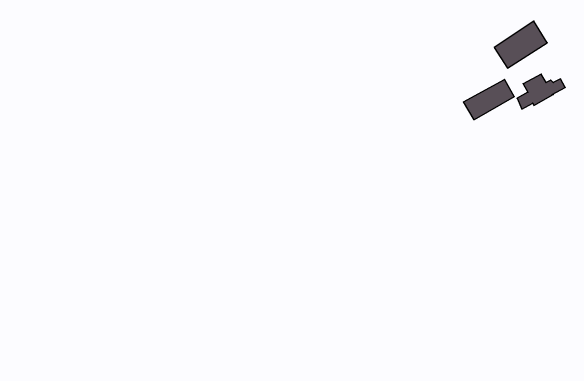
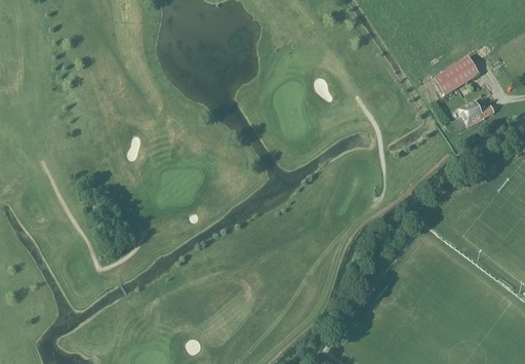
building: [463,79,514,120] -> none

